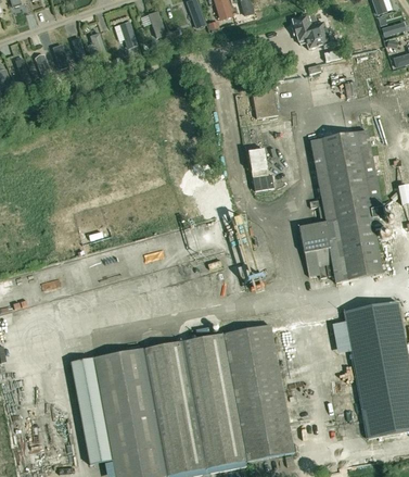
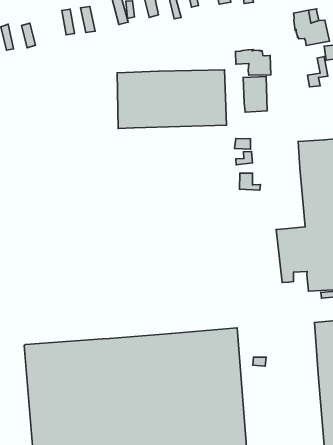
building: none -> [235,50,271,75]
building: none -> [117,70,227,128]

